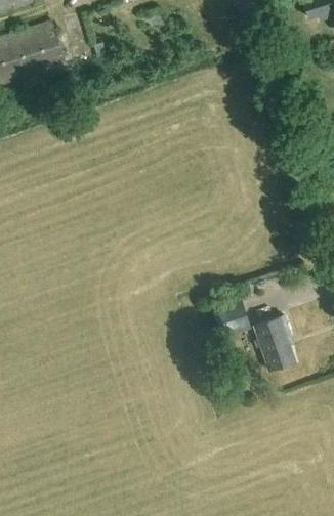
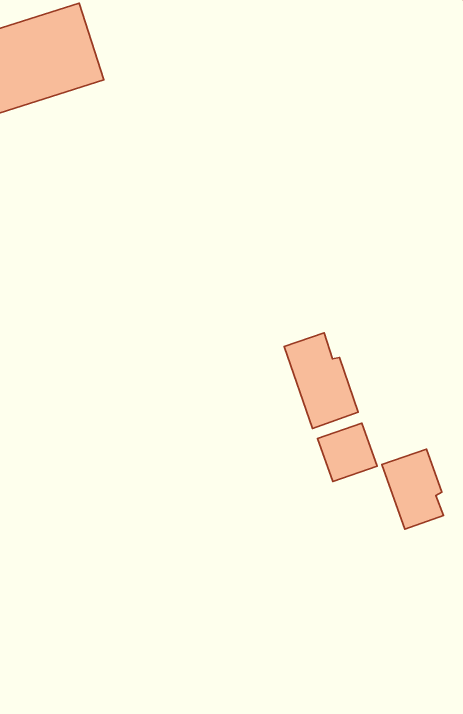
building: none -> [284,333,358,429]

